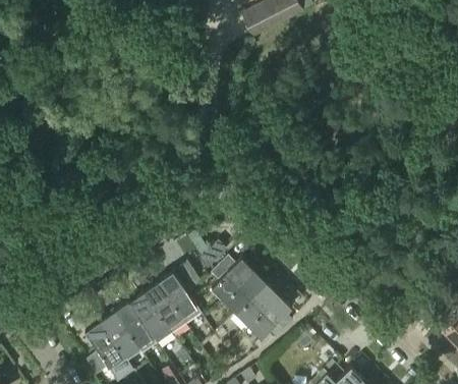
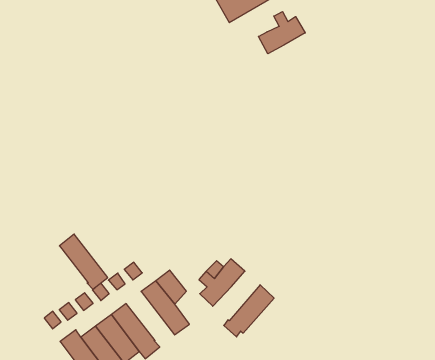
building: none -> [258,12,305,54]
building: [223,271,268,316] -> none
building: [144,284,186,336] -> [59,234,108,289]
building: [249,297,291,340] -> none

